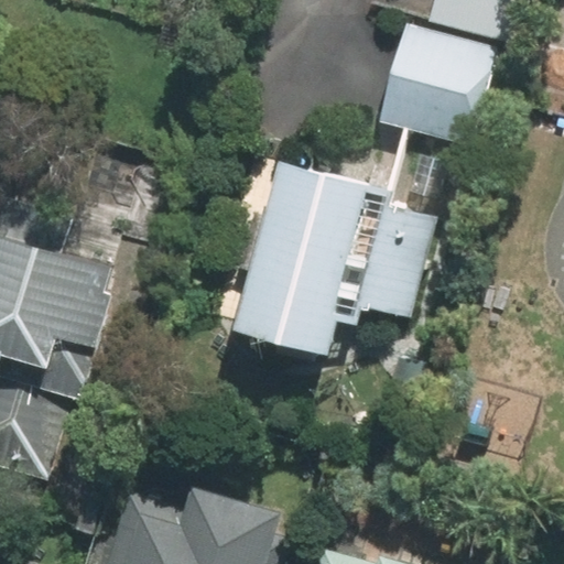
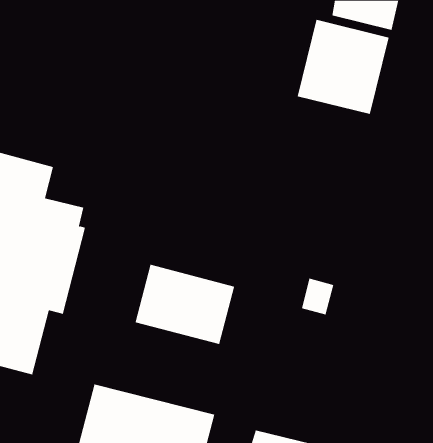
building: [236,160,434,351] -> none
building: none -> [135,264,235,345]

